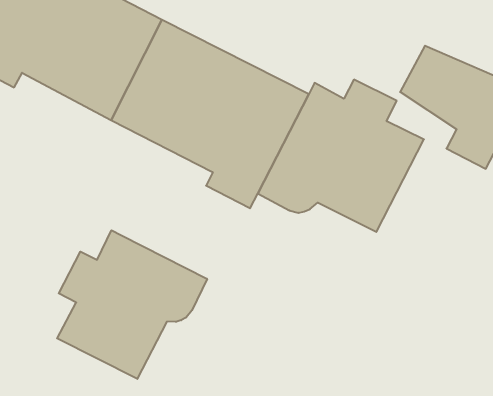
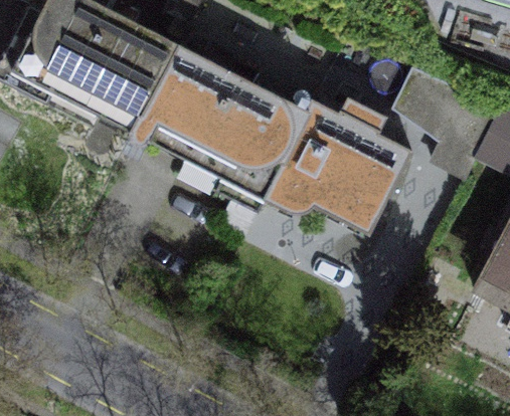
building: [57,230,207,379] -> none

